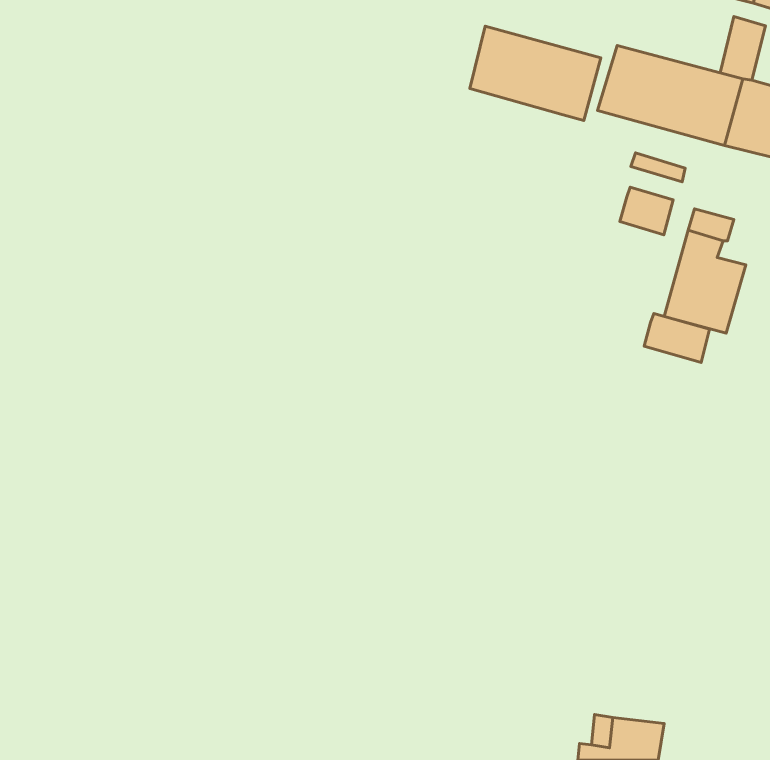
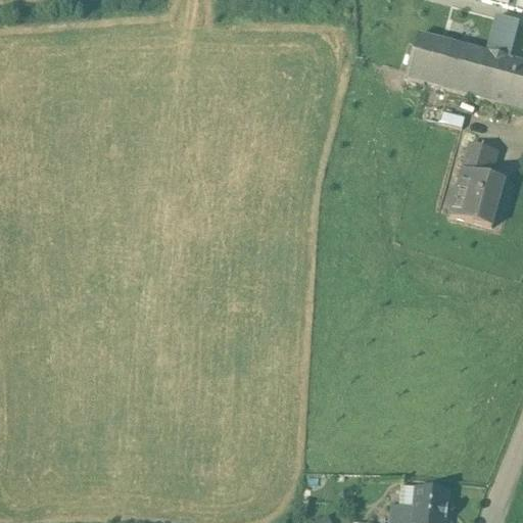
building: [470,26,601,121] -> none
building: [620,187,673,235] -> none
building: [644,314,710,363] -> none

